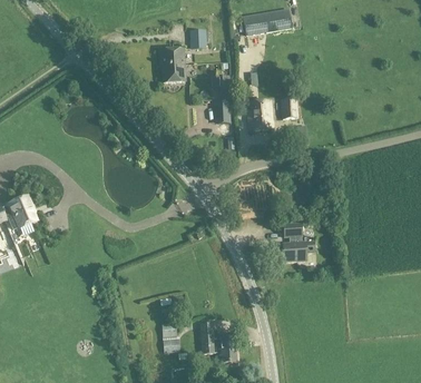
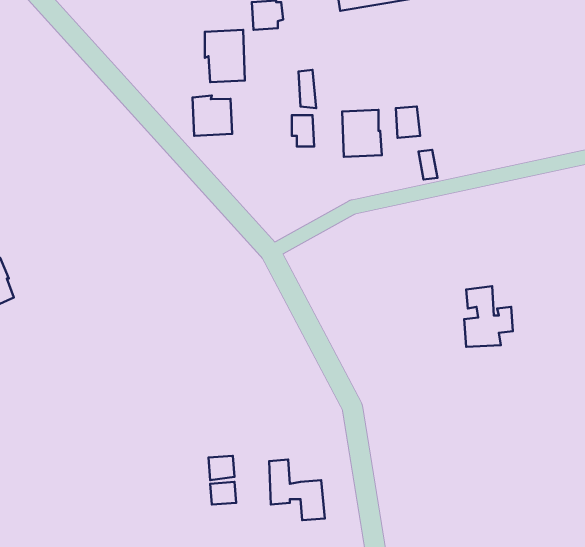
building: none -> [192,95,232,136]
building: [282,222,313,261] -> [464,286,513,347]

